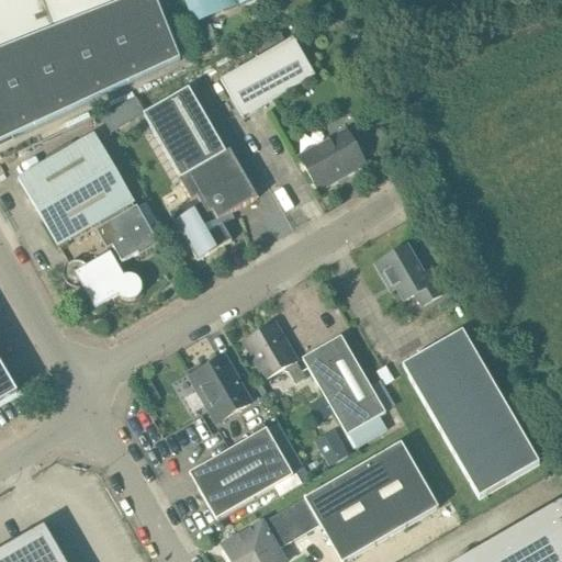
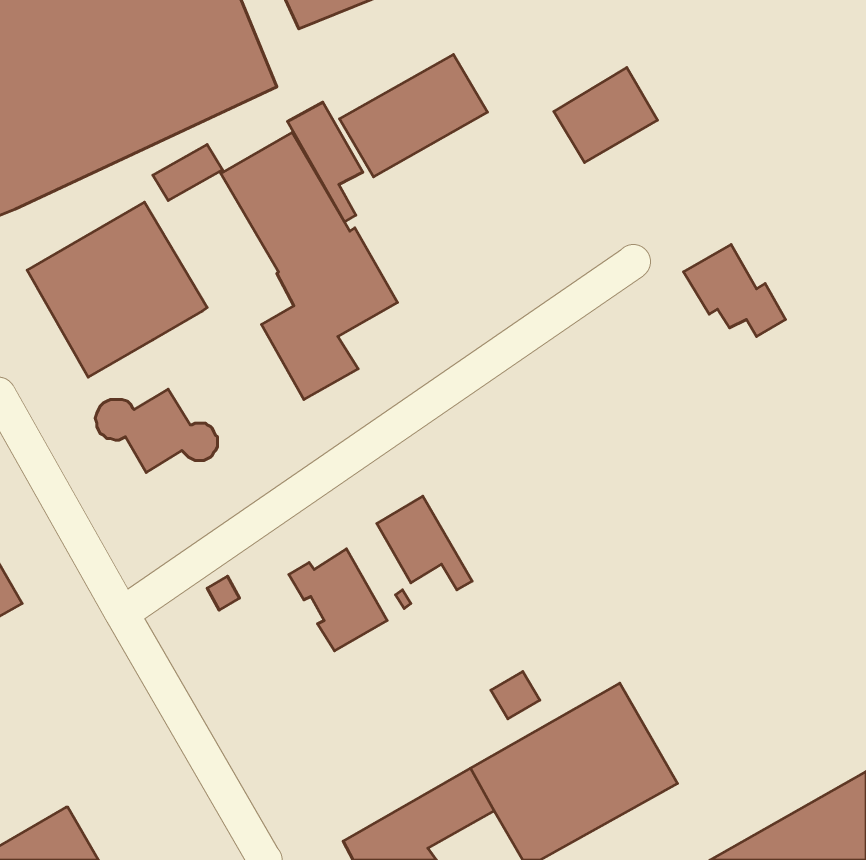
building: none -> [287,102,363,222]
building: [299,126,366,188] -> [554,67,657,163]
building: [95,201,158,260] -> none
building: [375,244,441,303] -> [684,245,785,336]
building: [402,328,539,495] -> none
building: [302,334,394,446] -> none
building: [189,426,293,517] -> none

